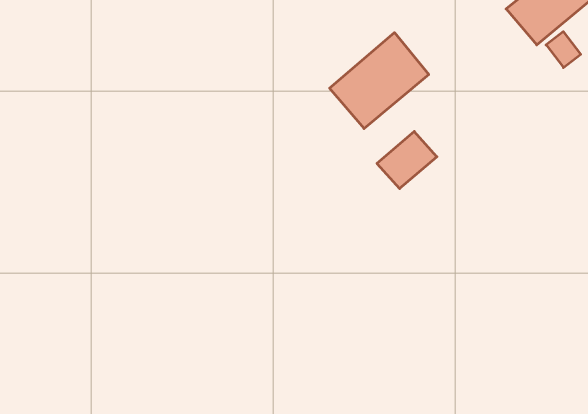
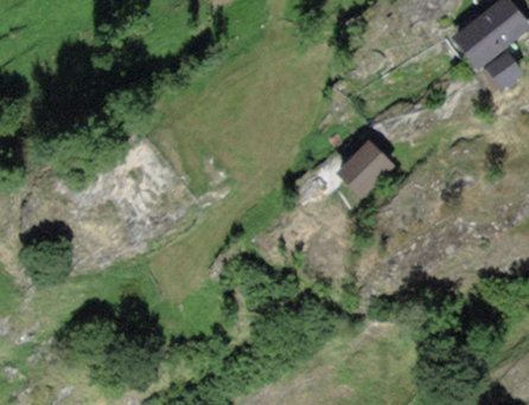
building: [330,33,429,129] -> none

